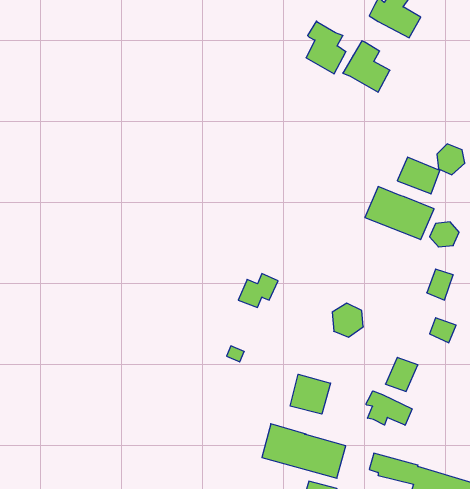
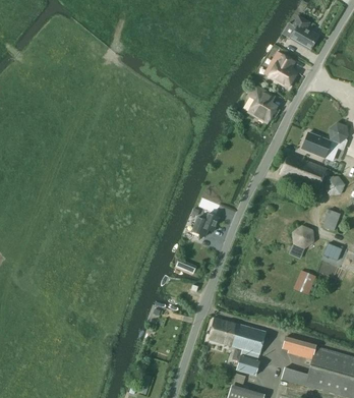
building: [306,21,346,74] -> [249,87,277,123]
building: [332,303,363,337] -> [293,225,314,248]
building: [290,374,331,414] -> none
building: [366,391,412,425] -> none

